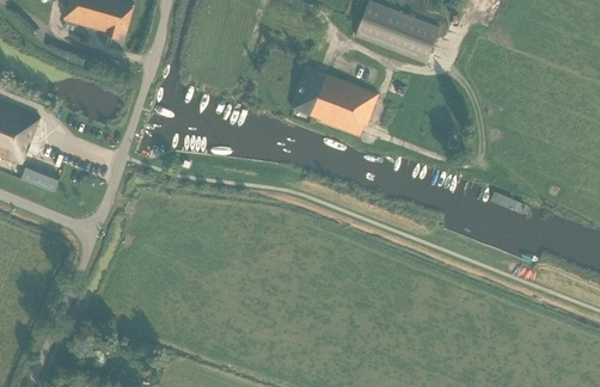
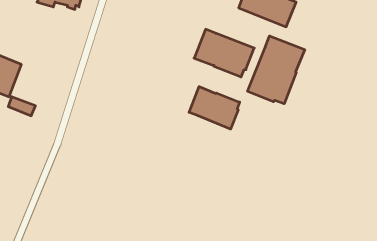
building: none -> [248,36,305,104]
building: none -> [189,87,240,129]

